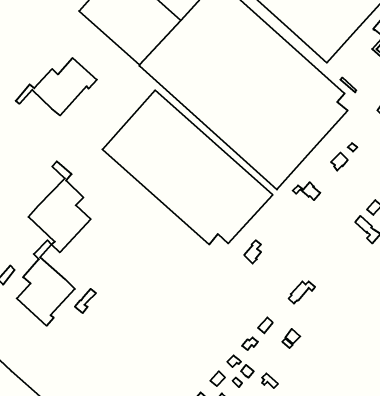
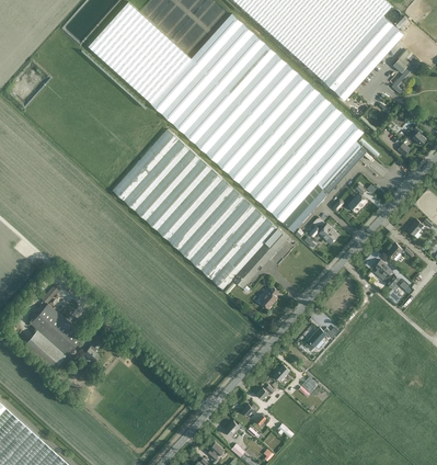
building: [16,58,97,115] -> none
building: [28,161,91,252] -> none

